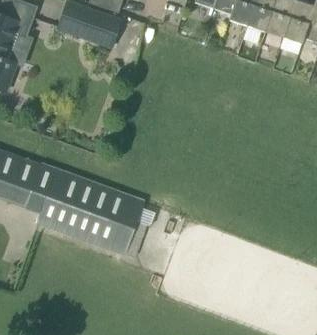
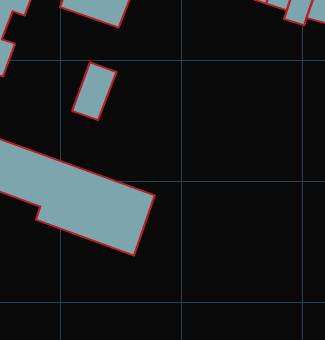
building: none -> [72,62,116,120]

